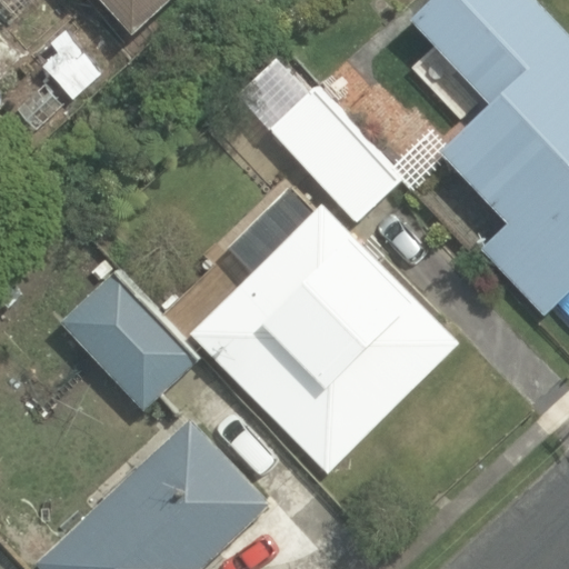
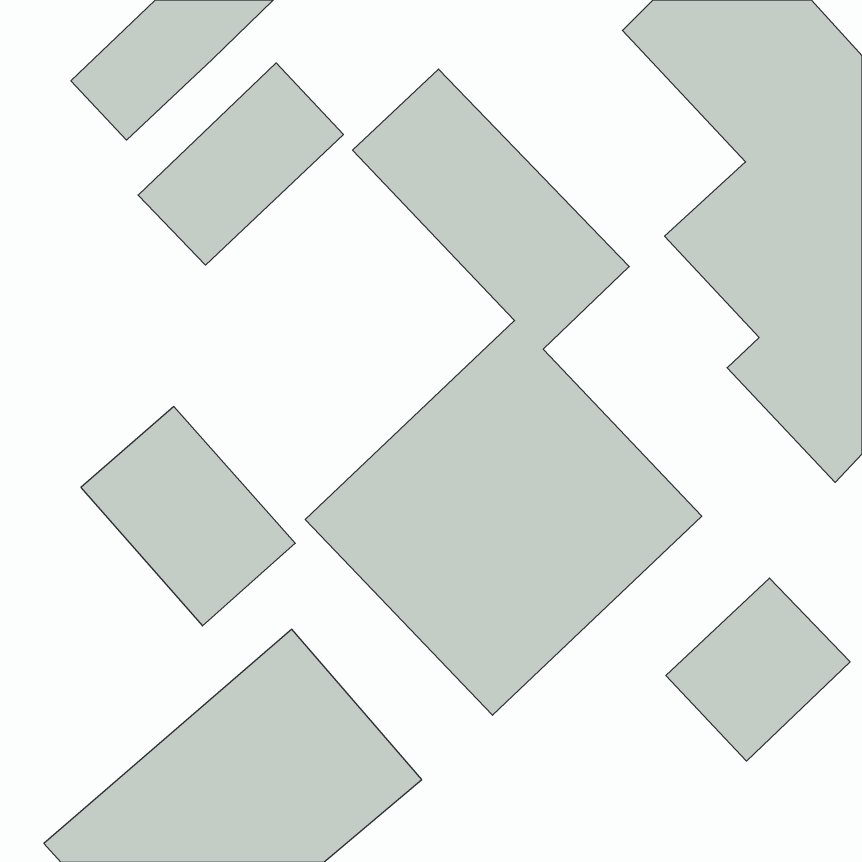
building: none -> [138,63,343,265]
building: none -> [666,578,850,761]

